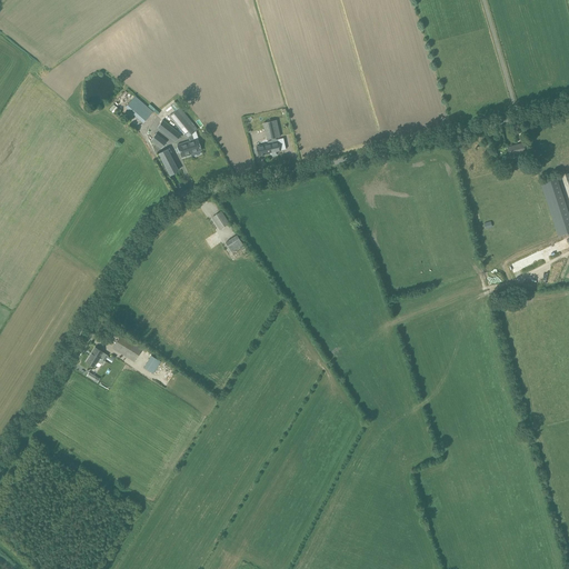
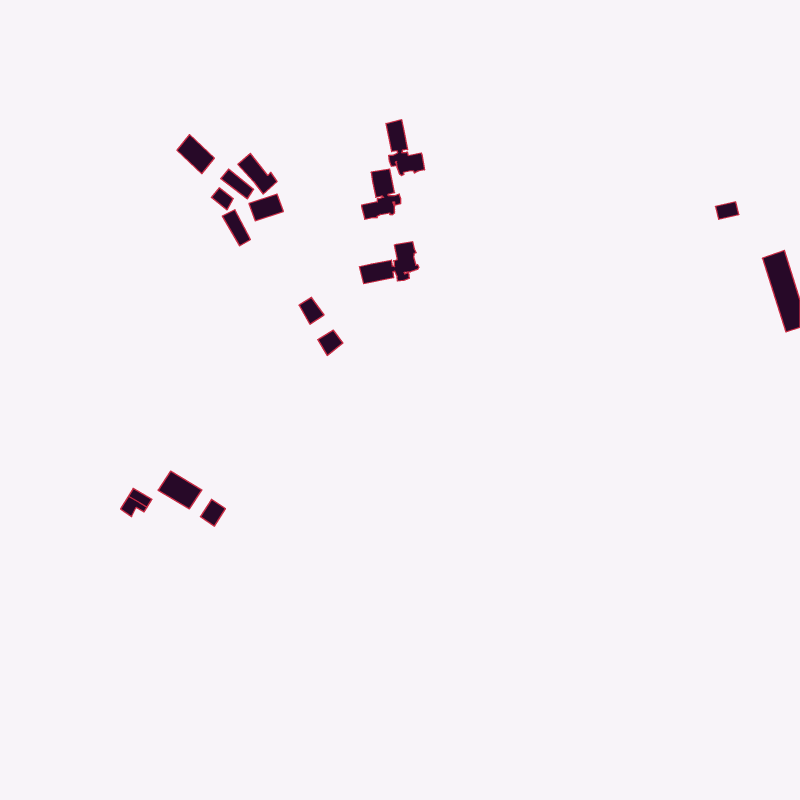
building: none -> [386,120,424,176]
building: none -> [360,242,419,284]

